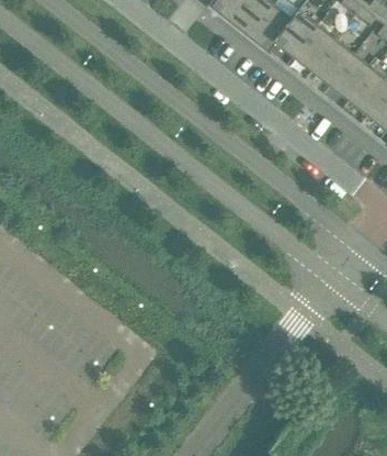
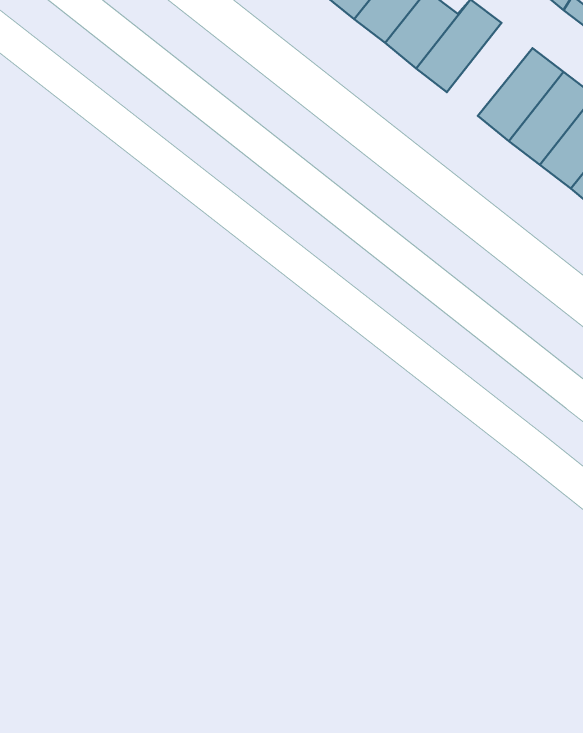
building: [284,22,335,78] -> none

